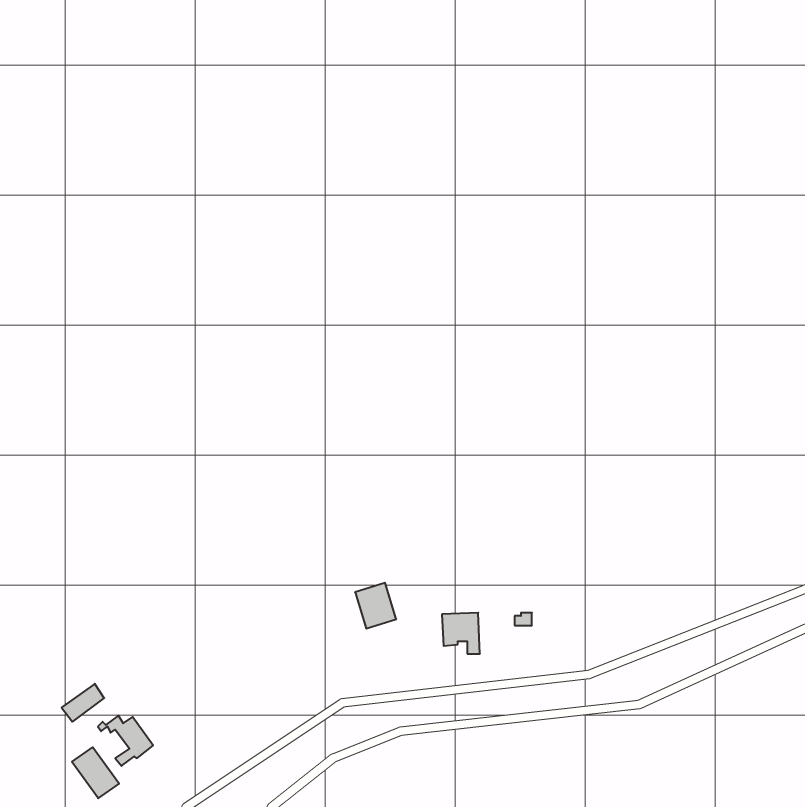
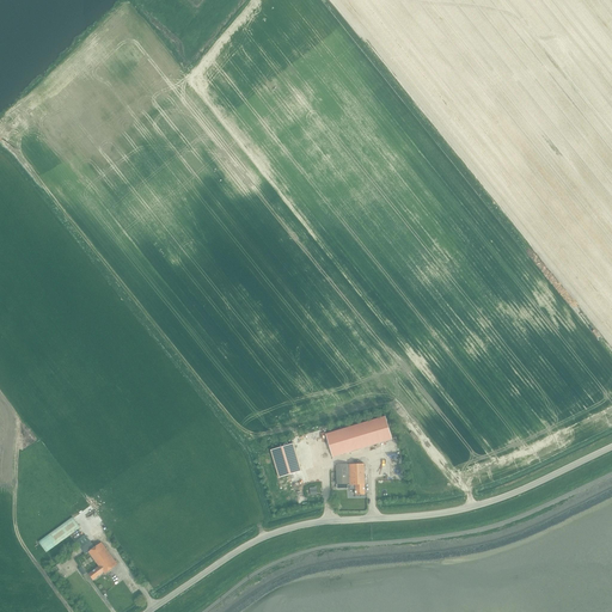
building: none -> [338,416,391,453]
building: [72,747,119,798] -> none

